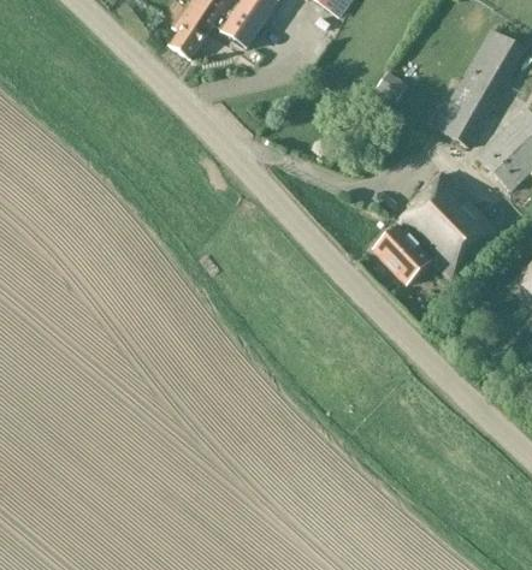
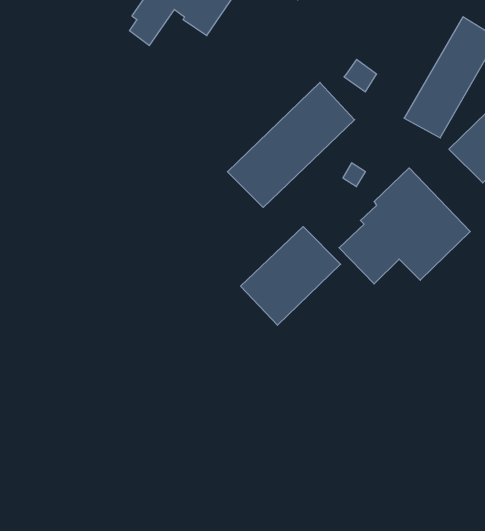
building: none -> [227,82,355,207]
building: none -> [241,227,341,325]

